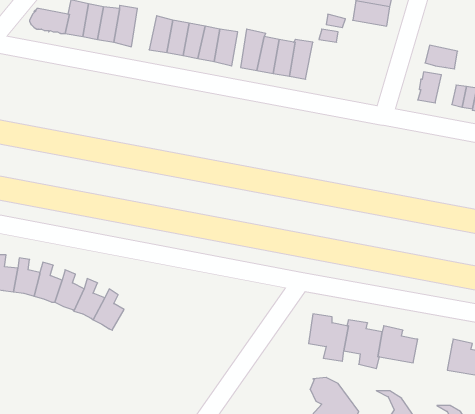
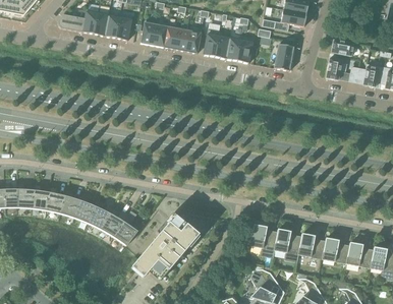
building: none -> [273,44,293,71]
building: none -> [114,209,136,245]
building: none -> [130,211,198,283]
building: none -> [322,238,348,263]

